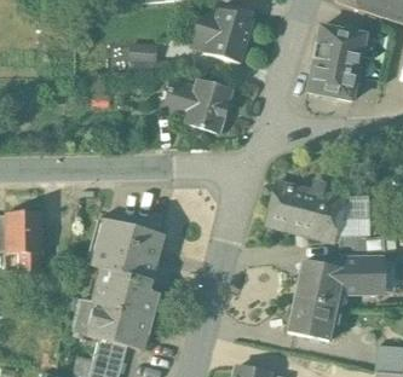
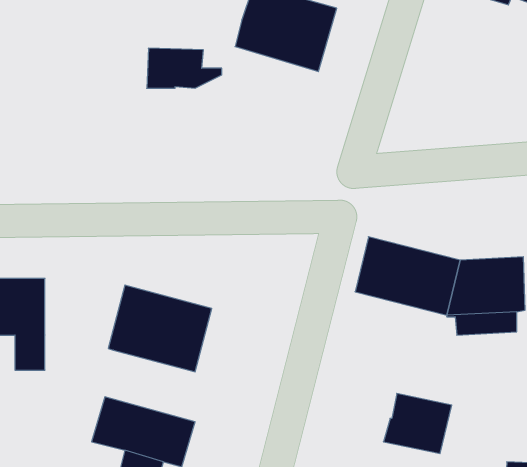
building: [309,23,378,99] -> none
building: [163,79,234,132] -> none
building: [298,257,385,303] -> none
building: [82,263,157,315] -> none

